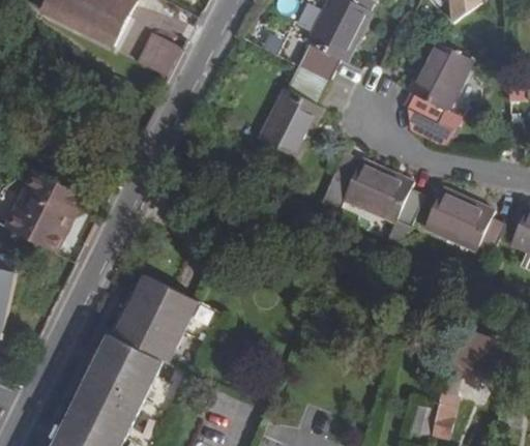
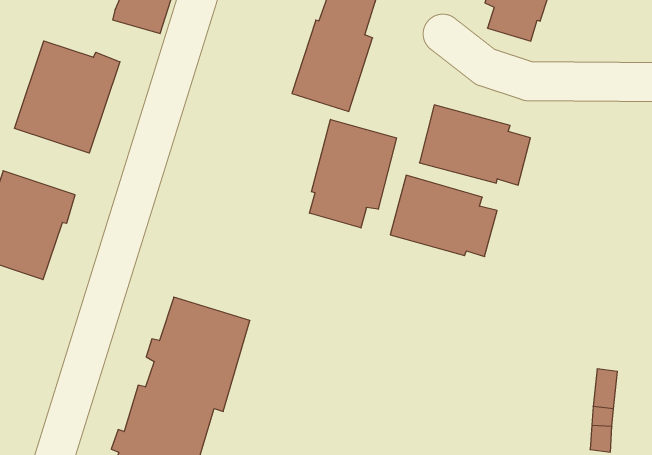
building: none -> [15,41,120,153]
building: none -> [309,119,396,228]
building: [423,189,504,258] -> [390,175,497,257]

